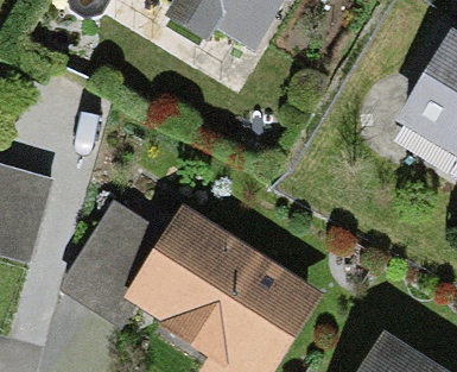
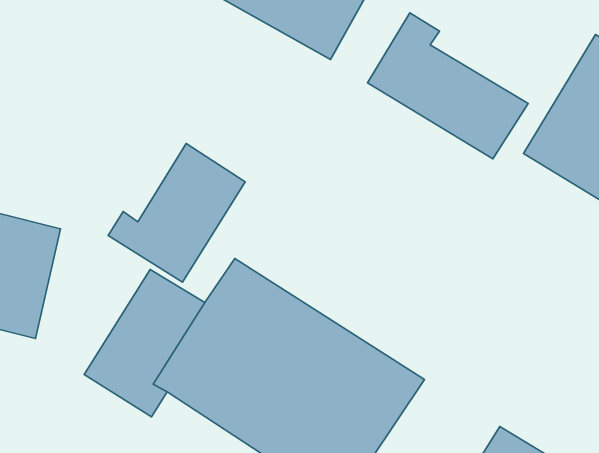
building: none -> [367,13,528,159]
building: none -> [108,143,245,282]

